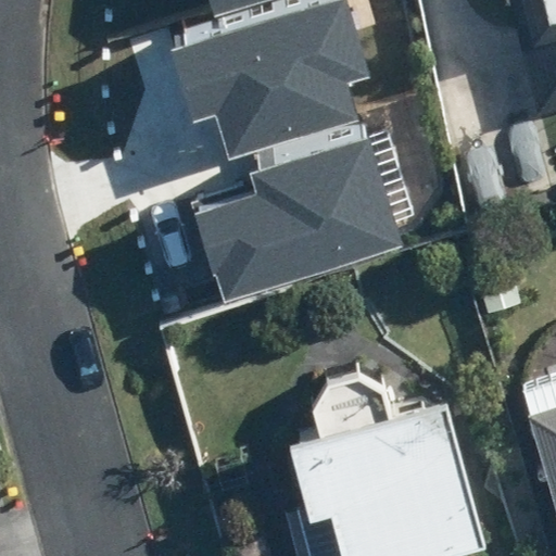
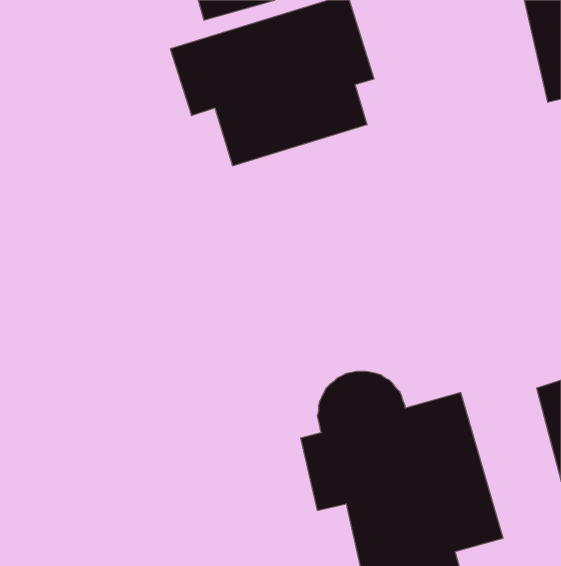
building: [185,139,401,307] -> none

